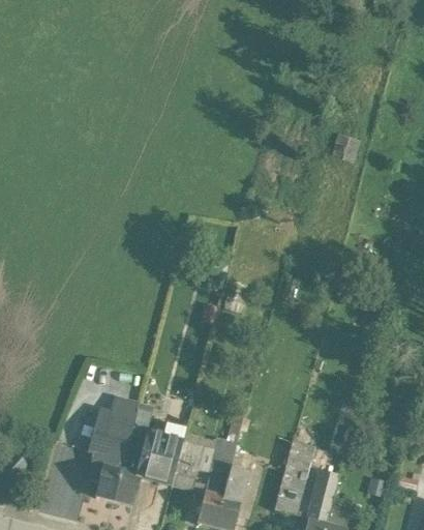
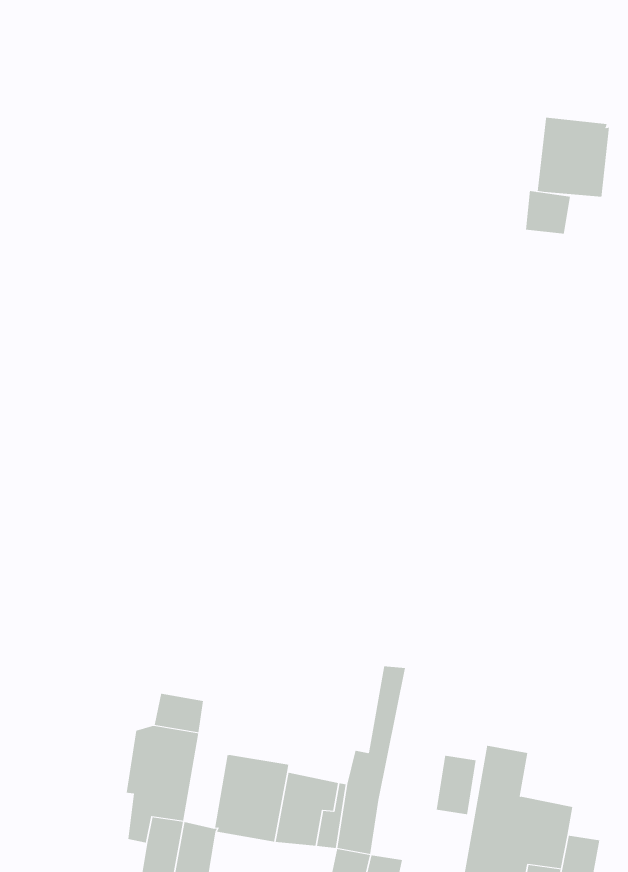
building: none -> [537,117,610,198]
building: [121,408,150,474] -> none
building: [223,466,248,500] -> [436,755,476,815]

